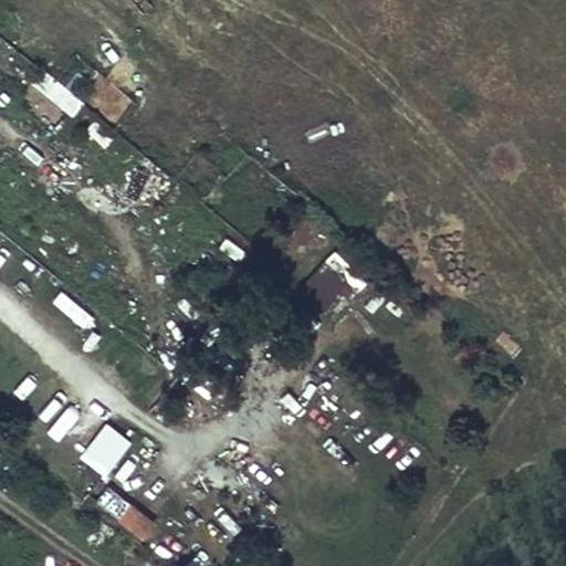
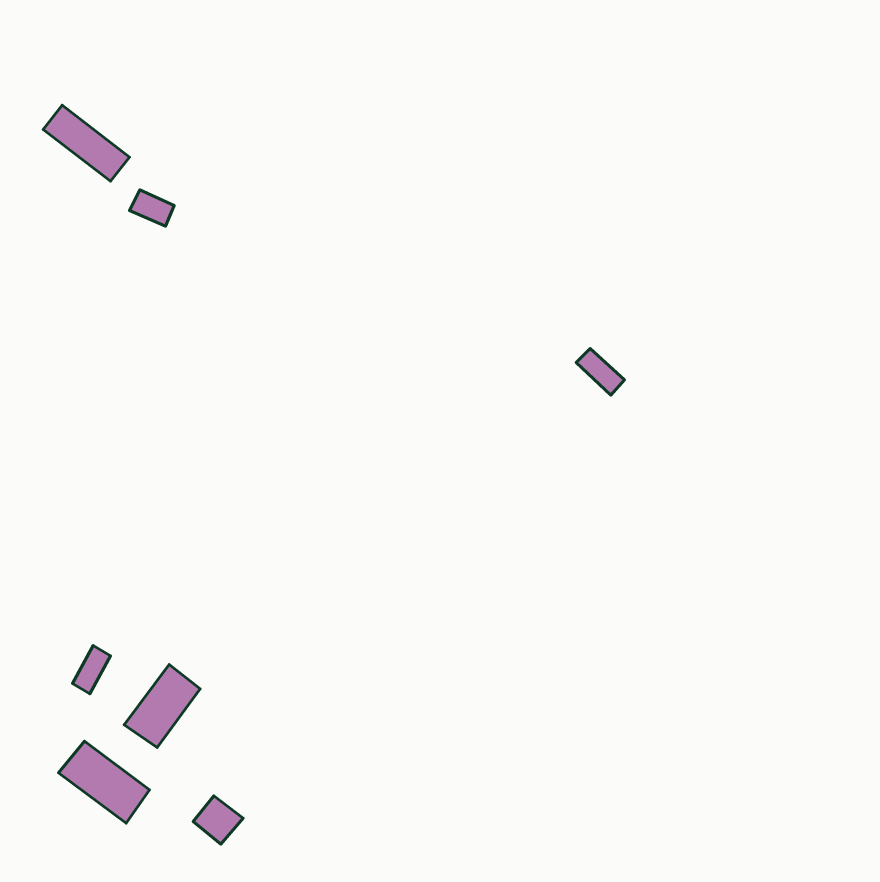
building: none -> [59,741,149,823]

